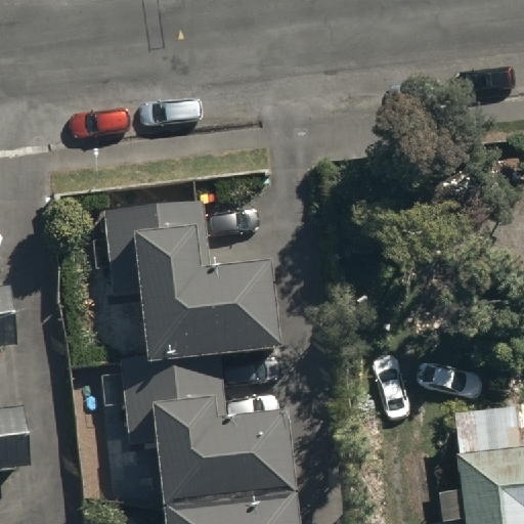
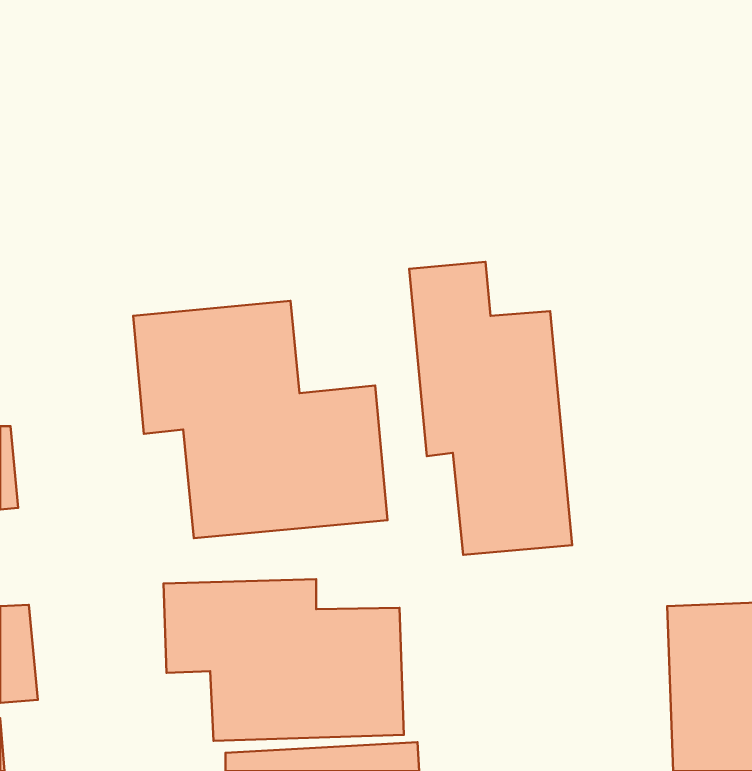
building: none -> [409,262,572,555]

